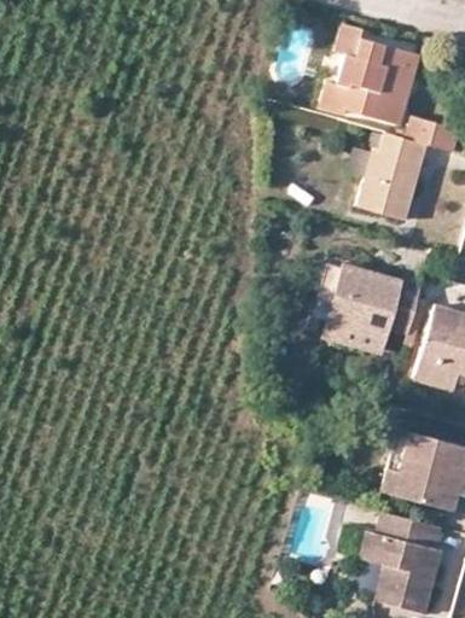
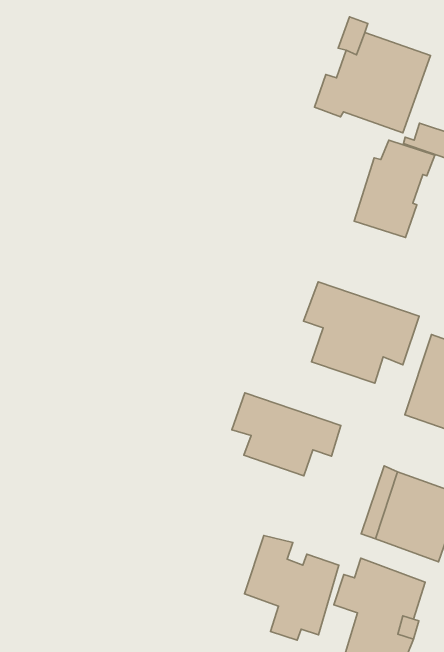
building: none -> [232,393,341,476]
building: none -> [244,535,339,640]

